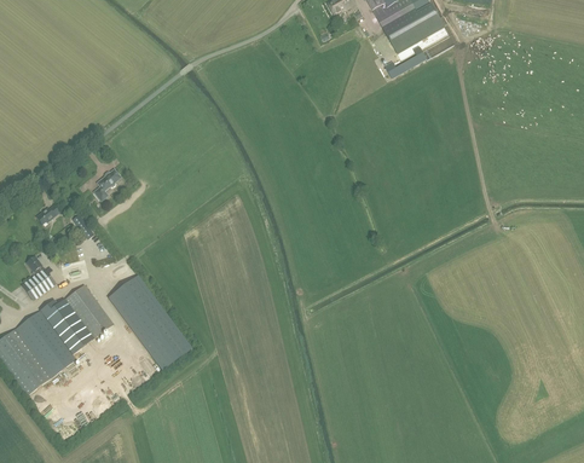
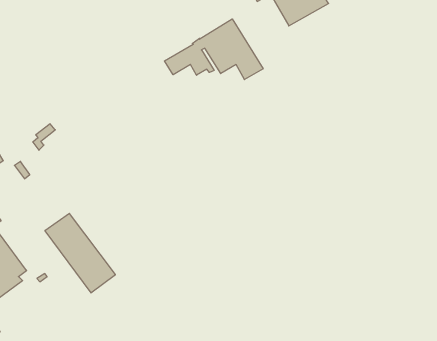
building: none -> [164,19,263,80]
building: [65,283,114,337] -> none

